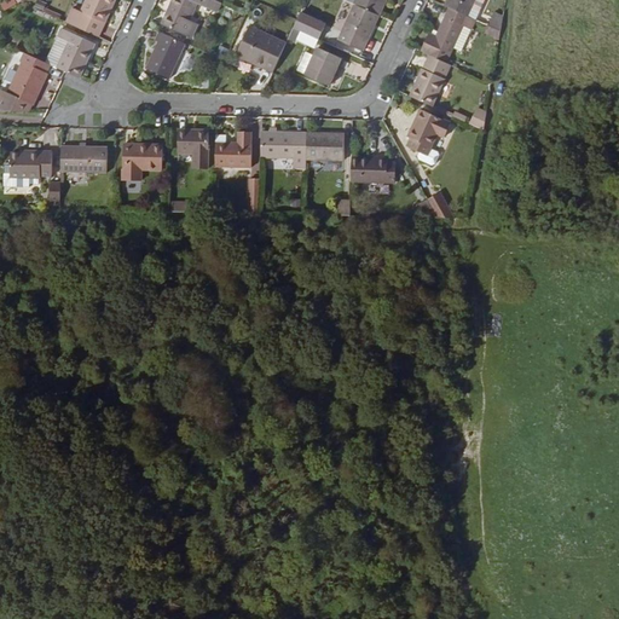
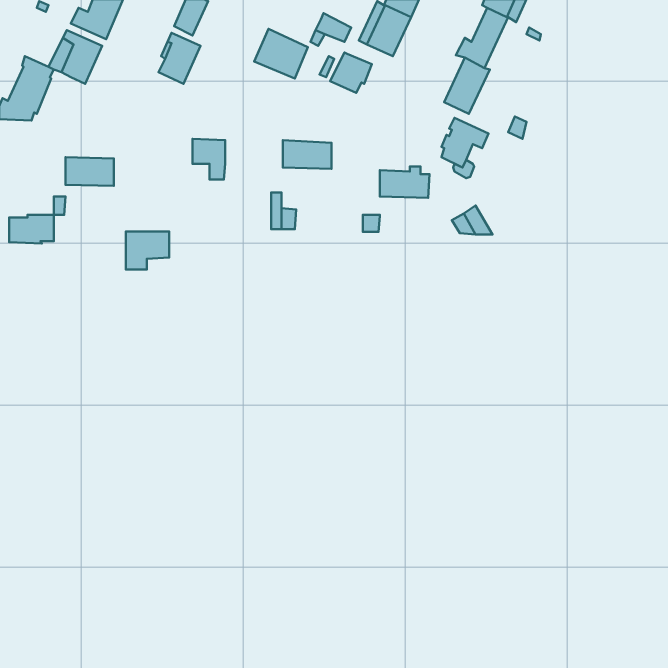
building: [214,129,251,166] -> none
building: [306,132,345,158] -> none
building: [122,143,162,178] -> [126,231,169,269]
building: [10,149,51,175] -> [9,215,54,244]

